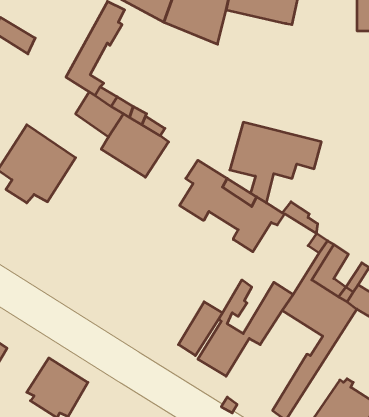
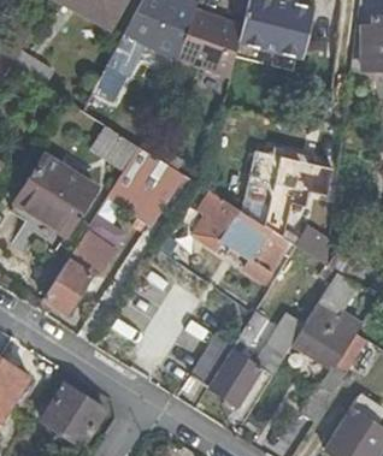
building: none -> [45,231,117,314]

